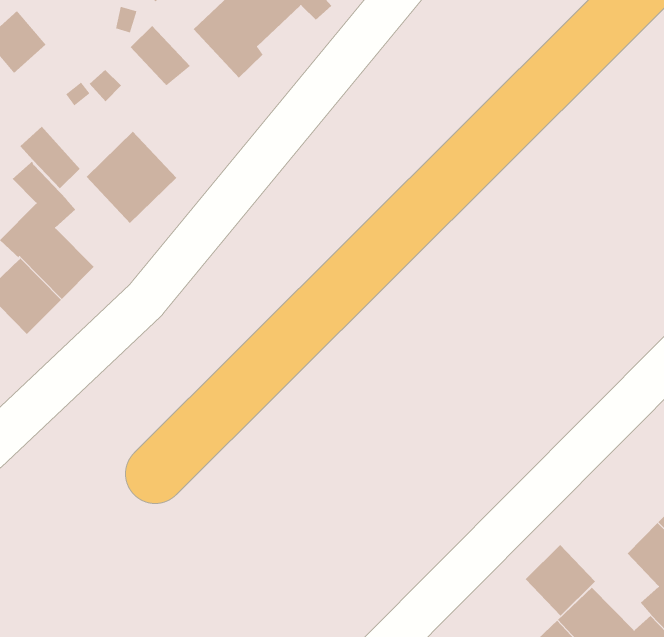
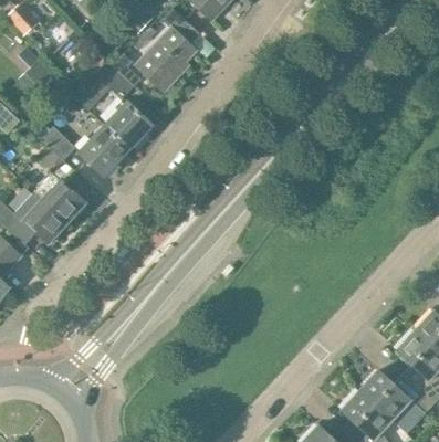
building: none -> [104,101,153,149]
building: [525,544,596,617] -> none

